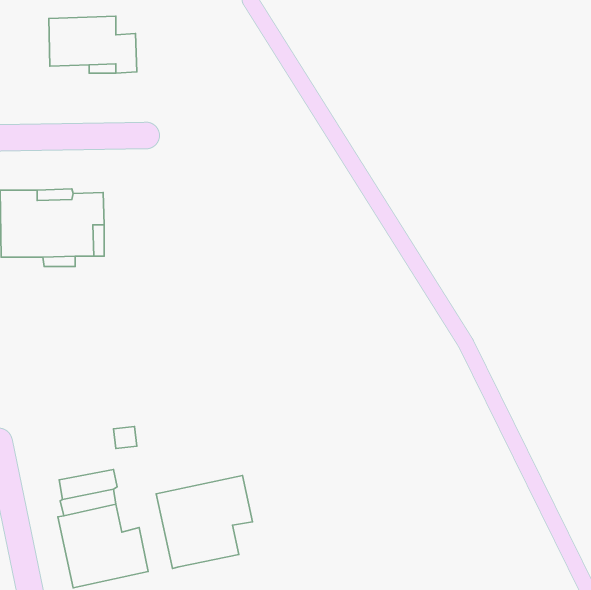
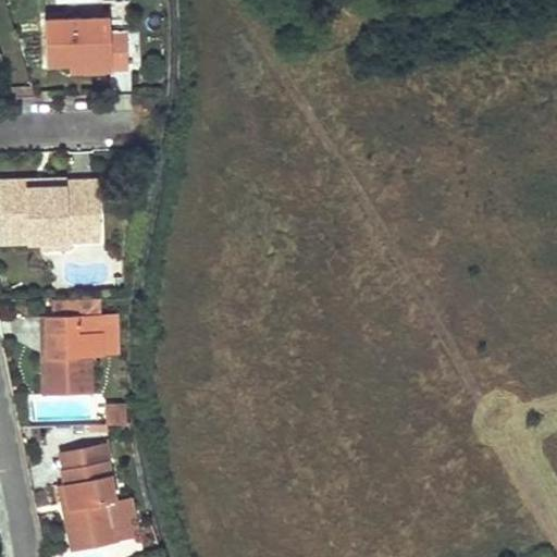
building: none -> [44,299,103,396]
building: [156,475,253,569] -> none

